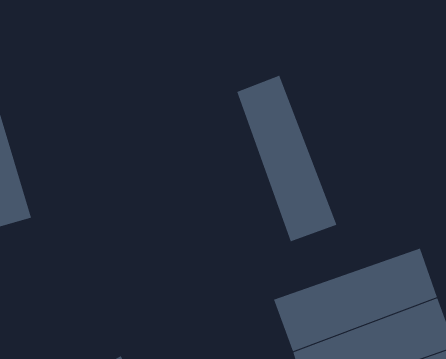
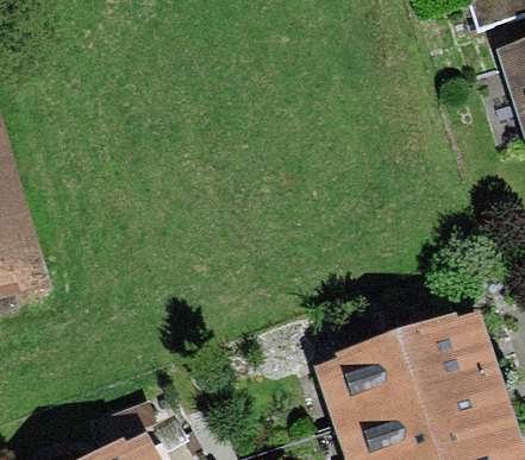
building: [236,75,337,242] -> none

